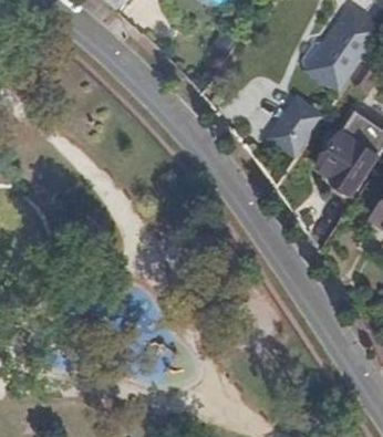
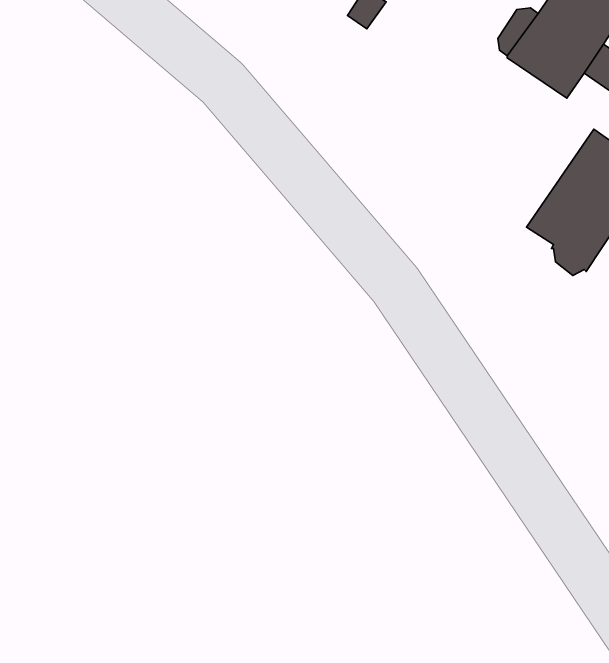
building: [267,95,323,155] -> none

